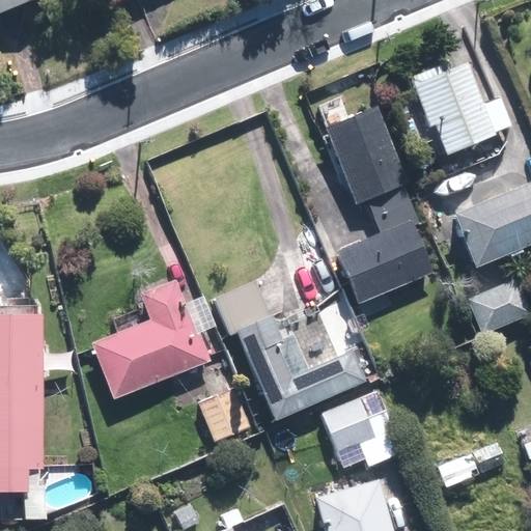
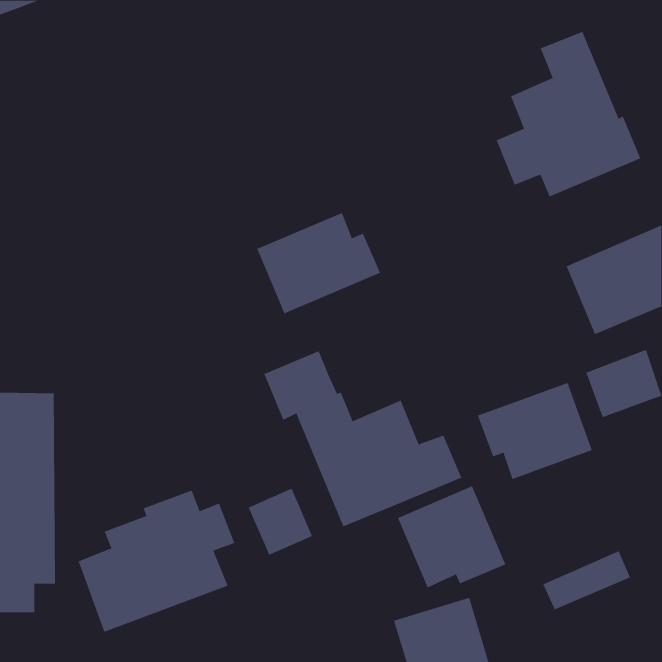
building: [326,105,436,304] -> none
building: none -> [257,212,381,314]
building: [90,285,216,399] -> [78,490,235,633]
building: none -> [477,382,592,480]

